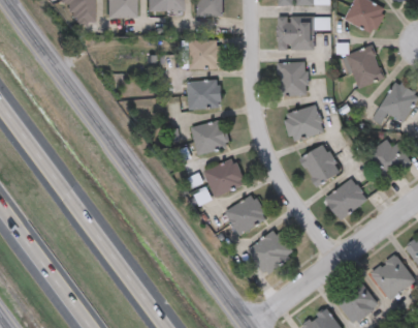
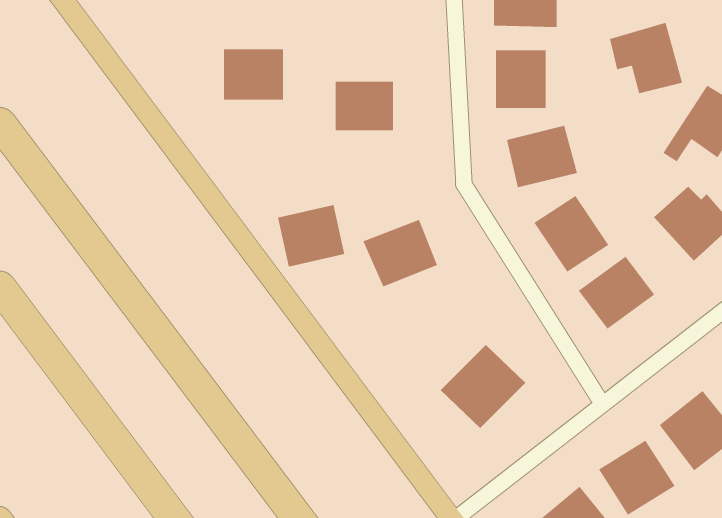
building: [186,39,220,68] -> [223,49,284,100]
building: [191,119,229,154] -> [277,204,345,267]
building: [225,193,268,234] -> none

